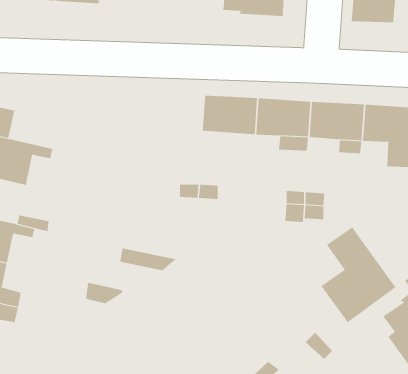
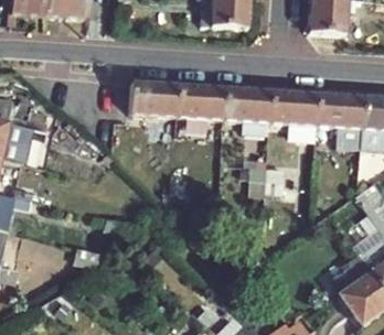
building: none -> [129,86,179,120]
building: [320,227,396,323] -> none

